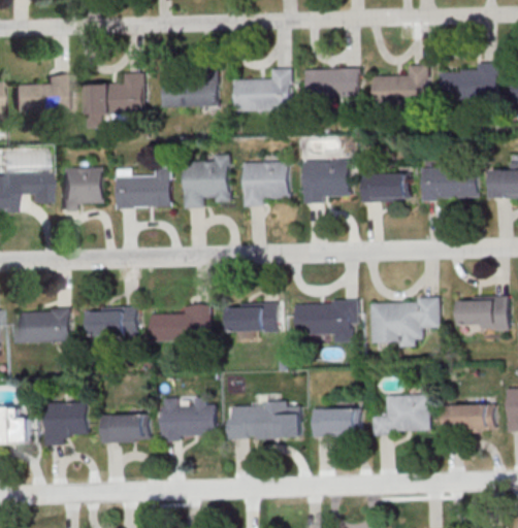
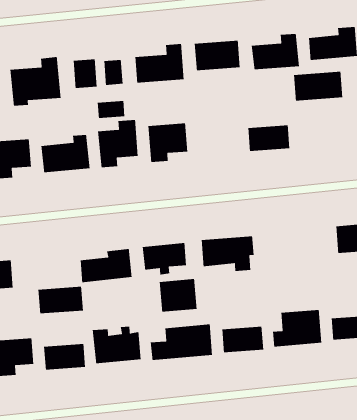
building: none -> [97,100,125,119]
building: [302,160,349,203] -> none
building: [420,167,477,199] -> [293,71,343,101]
building: [370,299,440,344] -> none
building: [85,306,137,336] -> [37,286,84,314]
building: none -> [159,278,198,313]

